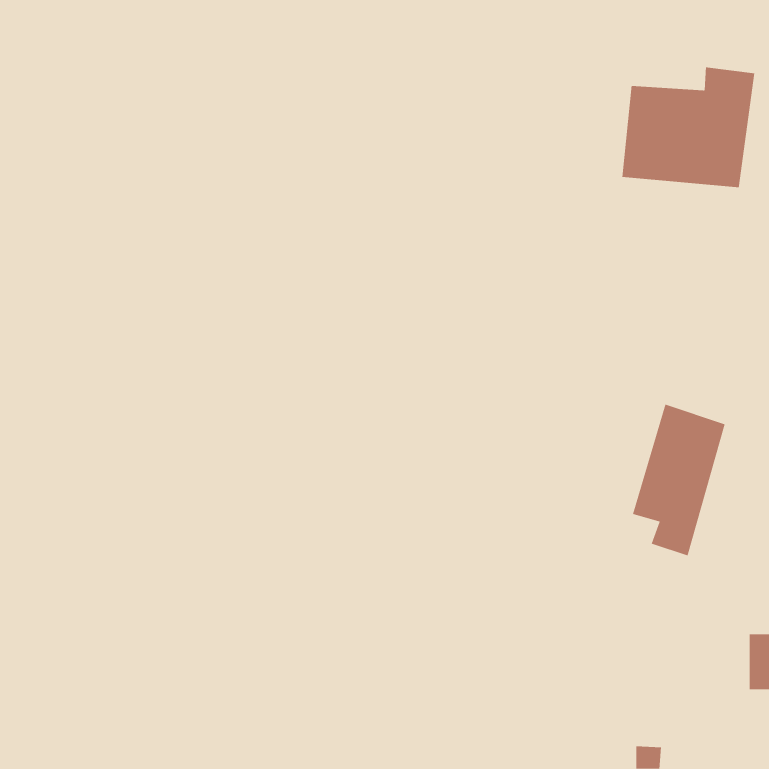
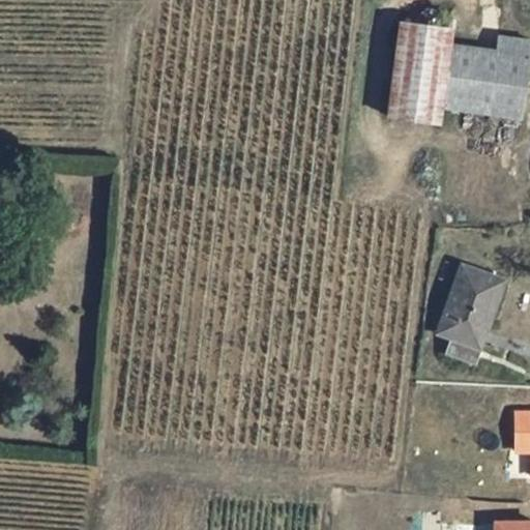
building: none -> [377,36,439,130]

